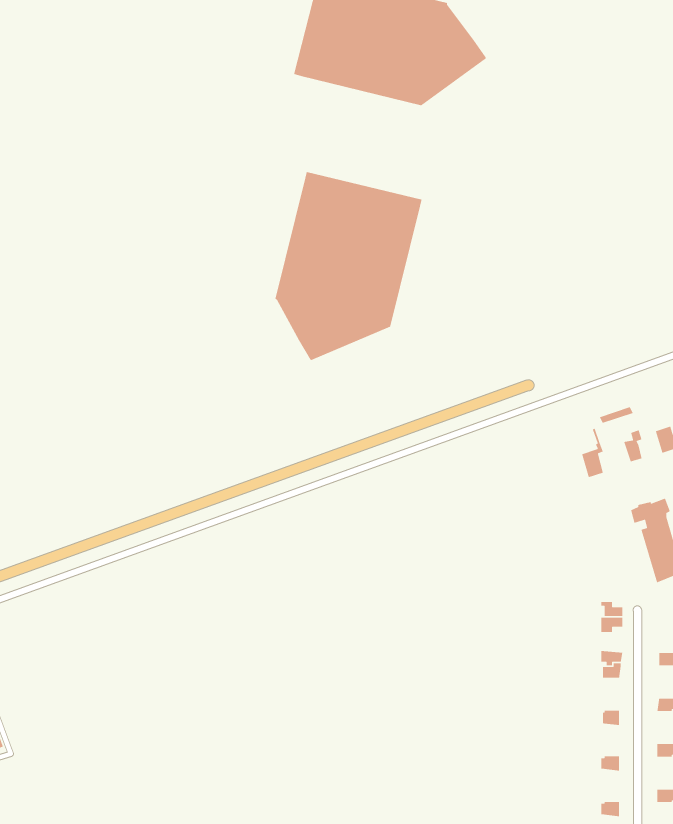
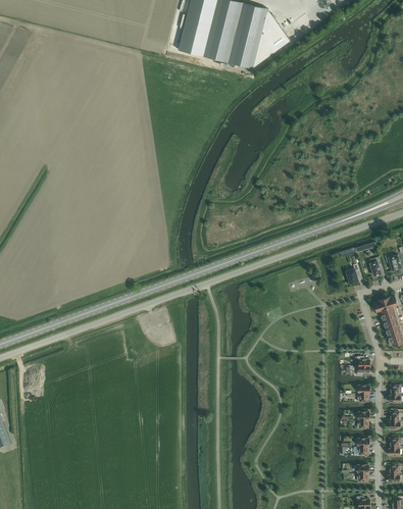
building: [274,171,422,361] -> none

